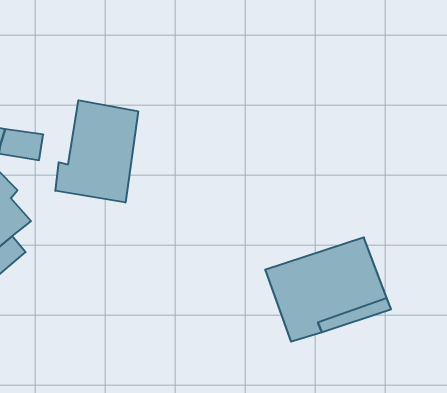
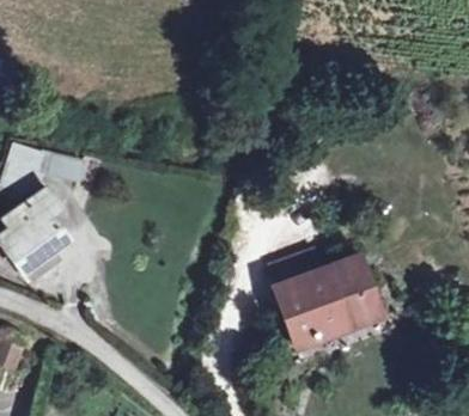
building: [55,100,138,203] -> none

